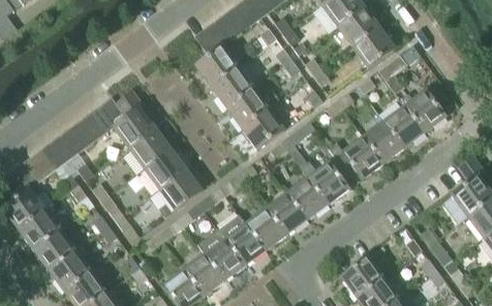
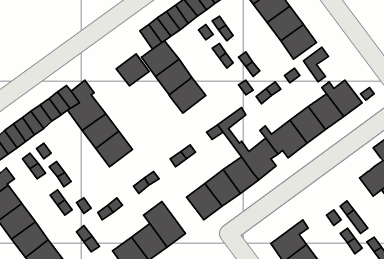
building: none -> [116,54,149,86]
building: [243,109,284,149] -> none
building: [158,170,202,217] -> none
building: [219,213,267,265] -> none

